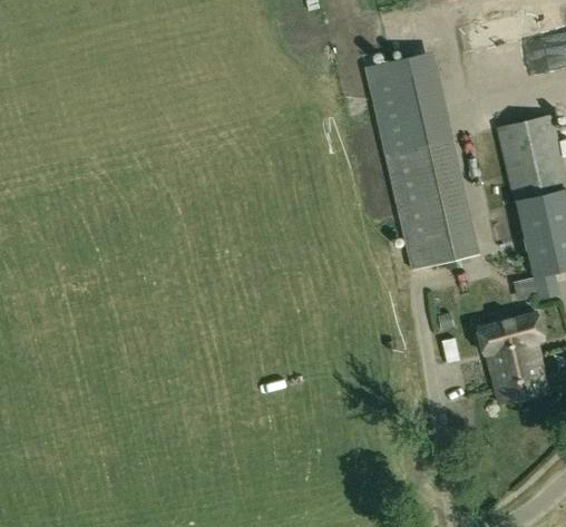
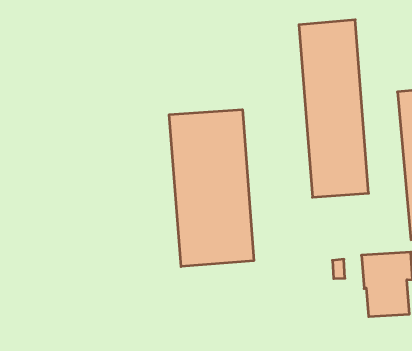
building: none -> [169,110,254,267]

